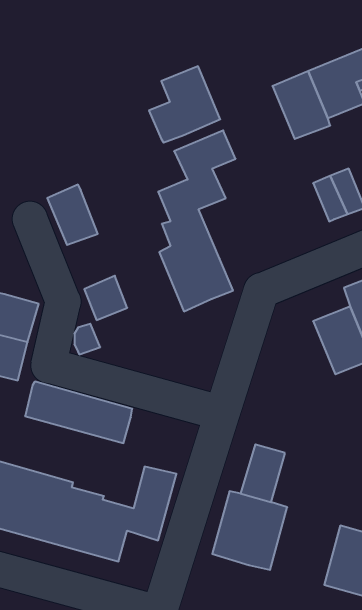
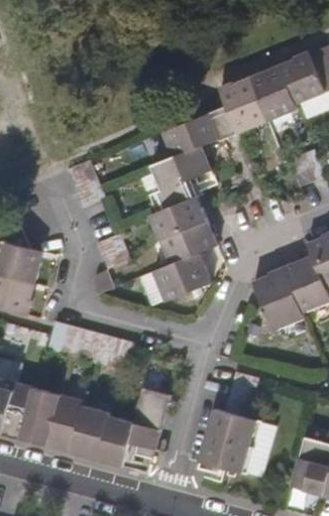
building: [149,66,220,143] -> [208,78,266,140]
building: none -> [154,252,210,300]
building: none -> [250,270,303,332]

